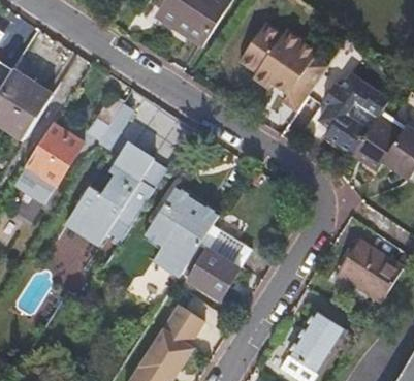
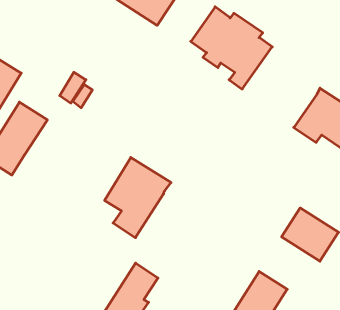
building: [319,73,389,154] -> none
building: [67,142,167,244] -> none
building: [180,224,252,299] -> none

